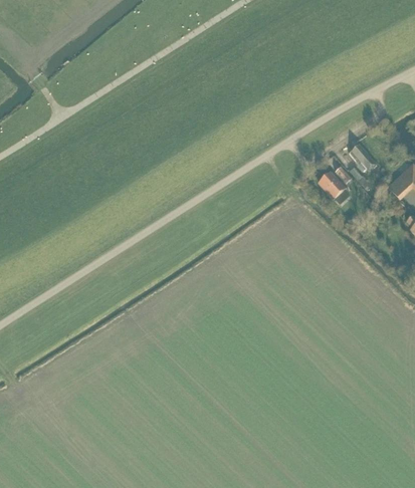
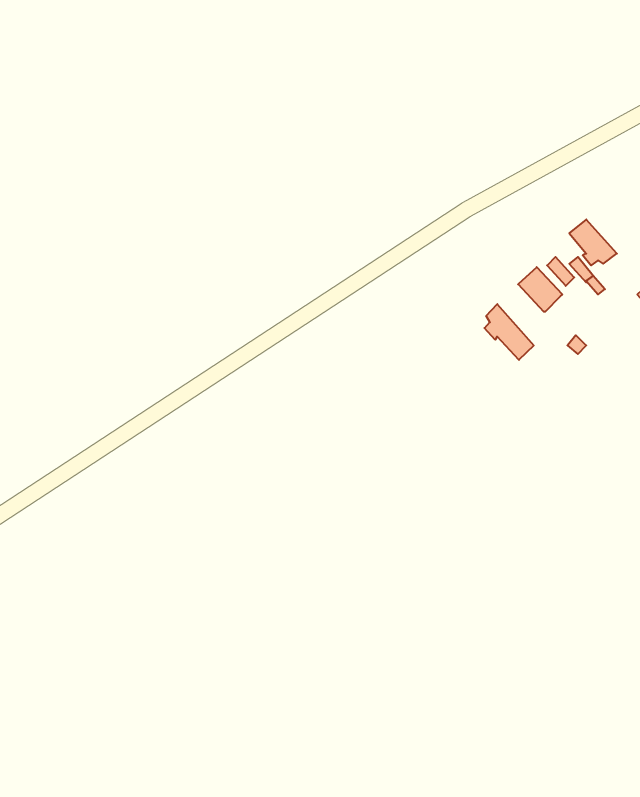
building: none -> [484,304,534,360]

